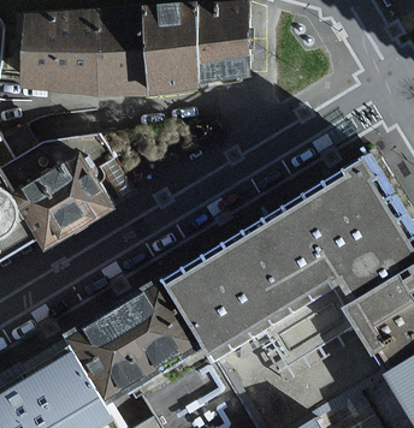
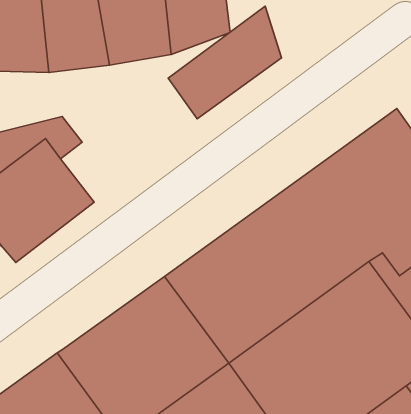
building: none -> [168,6,282,119]

